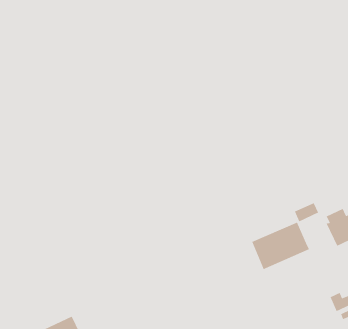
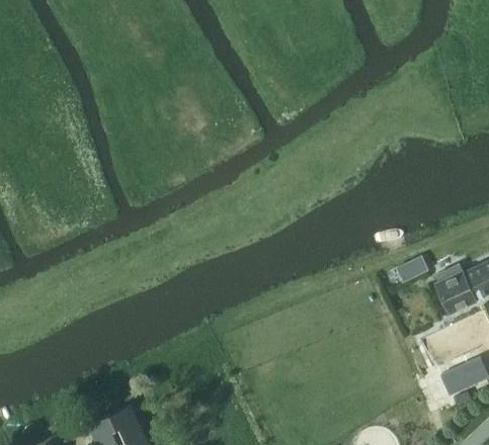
building: [251,221,310,270] -> none

